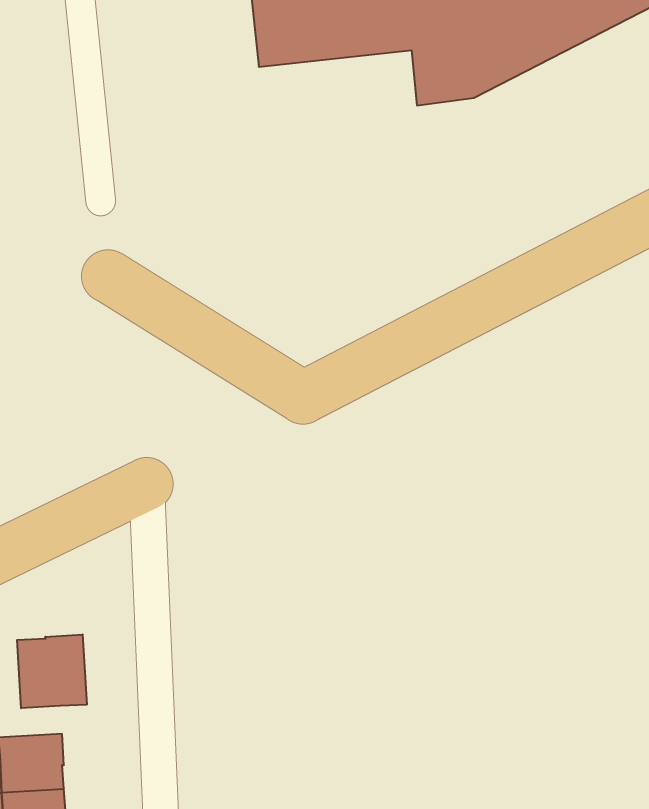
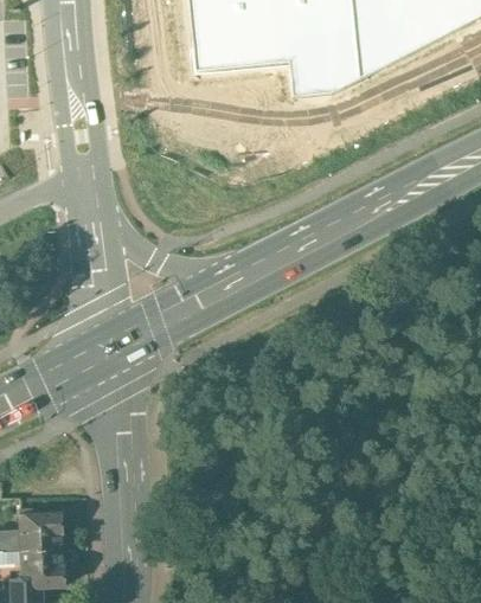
building: [17,634,87,708] -> none

